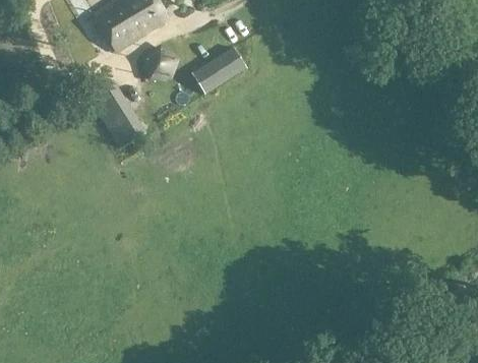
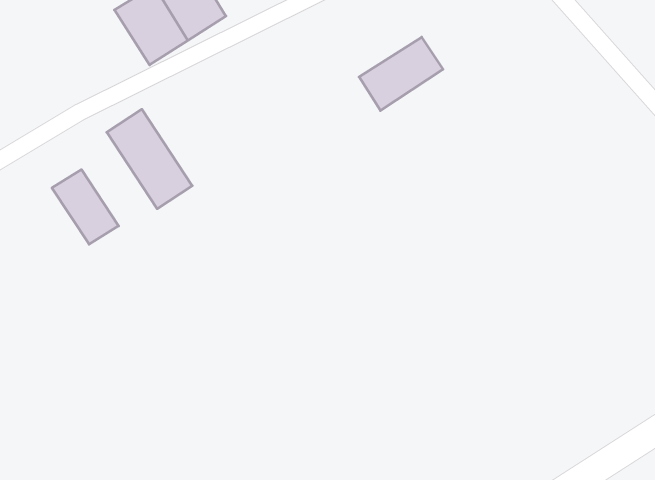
building: [193,46,249,95] -> [359,37,443,111]
building: none -> [52,170,119,244]

